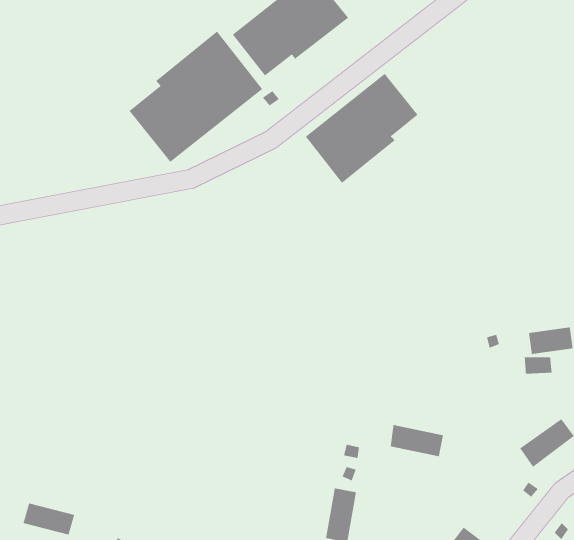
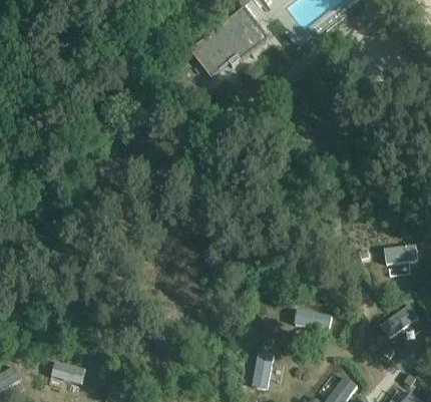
building: [129,31,263,163] -> none
building: [305,73,419,184] -> none

